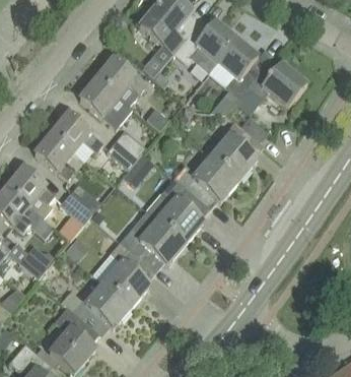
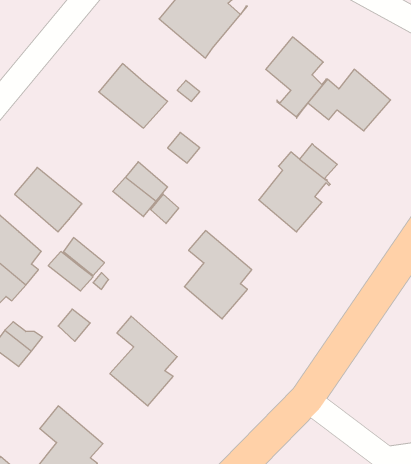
building: [172,15,235,72] -> none
building: [79,77,131,126] -> none
building: [51,112,102,159] -> none
building: [172,155,238,206] -> none
building: [119,218,185,269] -> none
building: [72,281,131,332] -> none

